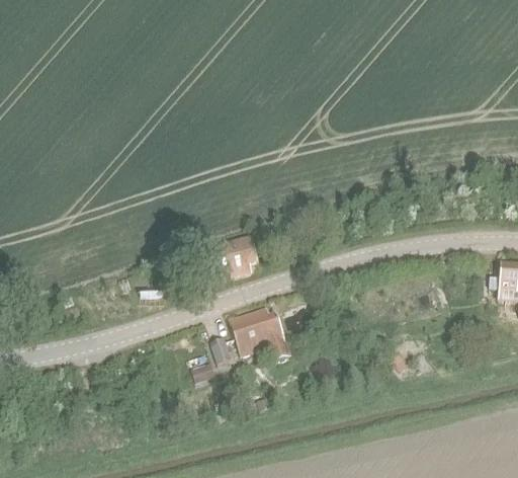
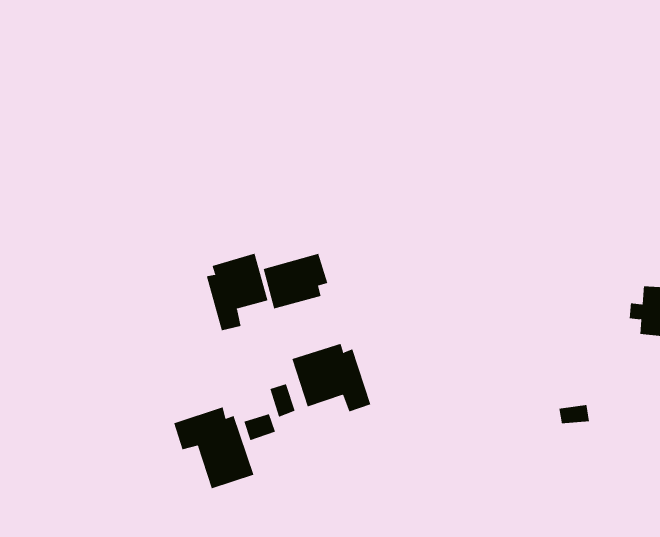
building: none -> [206,253,268,331]
building: none -> [173,406,254,489]

